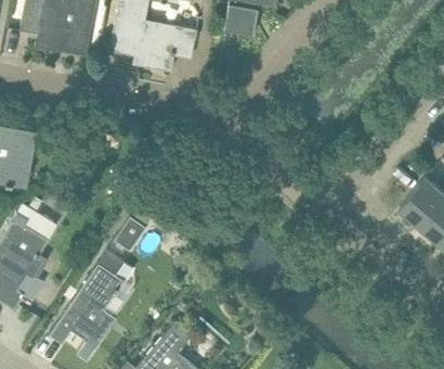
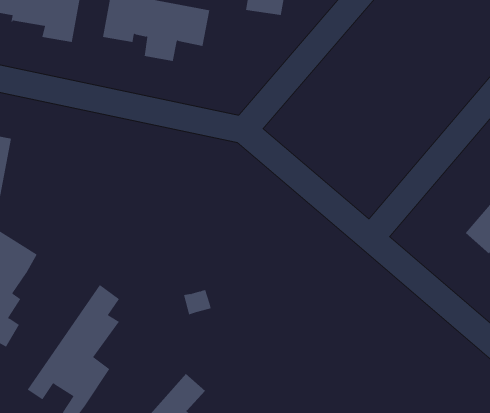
building: [114,217,146,252] -> none

